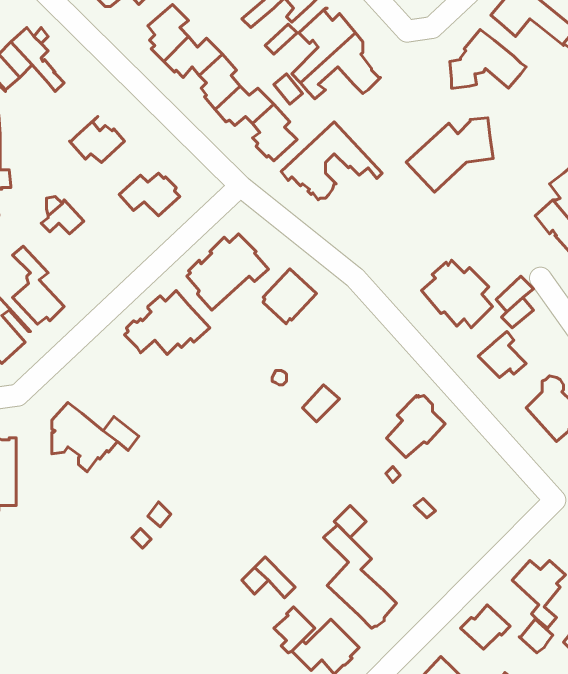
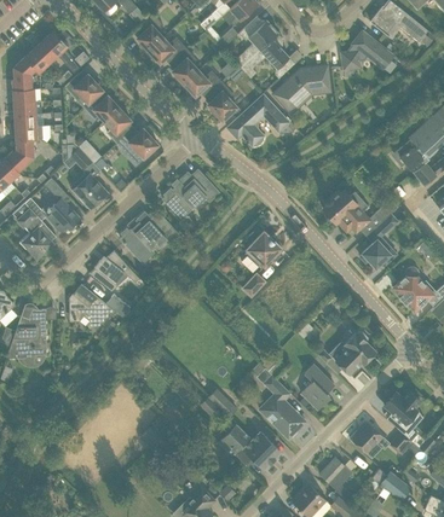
building: none -> [63,72,102,103]
building: [406,118,493,192] -> [271,64,330,115]
building: none -> [104,106,131,143]
building: none -> [71,172,108,209]
building: [263,269,316,324] -> [244,231,281,268]
building: none -> [88,249,139,291]
building: [386,395,445,458] -> [335,331,375,373]
building: none -> [300,364,334,408]

